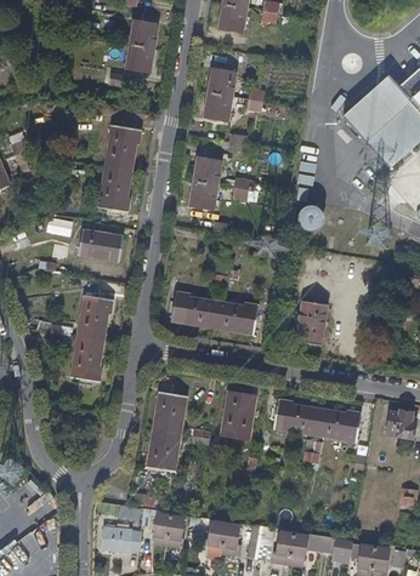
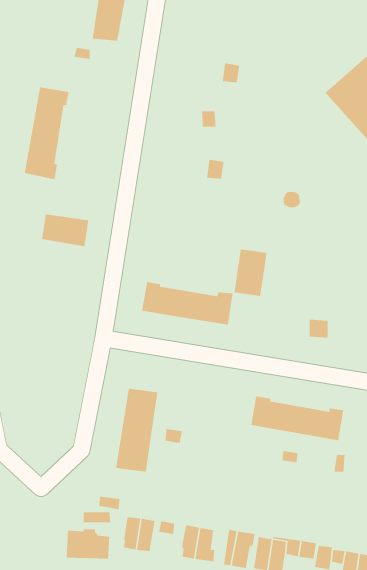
building: [204,68,235,120] -> none
building: [97,125,140,212] -> [24,86,69,180]
building: [189,159,221,210] -> none
building: [70,296,113,383] -> none
building: [295,301,327,346] -> [234,249,267,297]
building: [221,393,256,440] -> none

